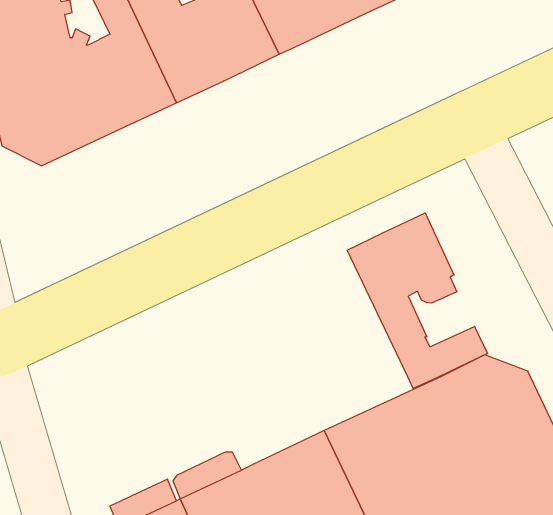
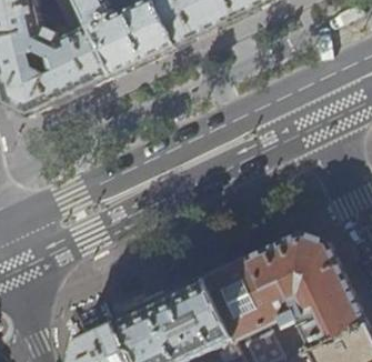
building: [347,213,488,389] -> none

